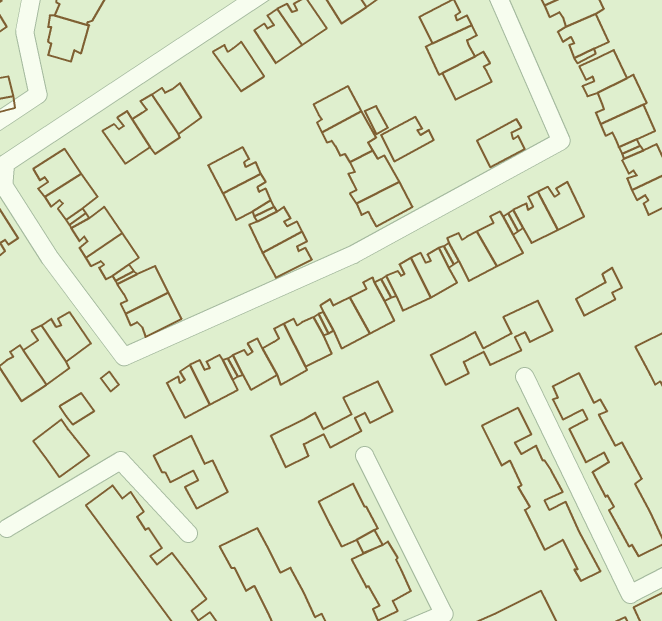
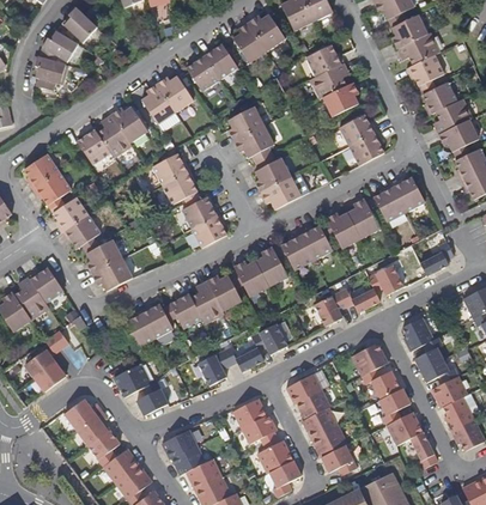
building: none -> [141,83,176,124]
building: [381,117,434,161] -> [338,115,376,147]
building: none -> [285,372,356,474]

